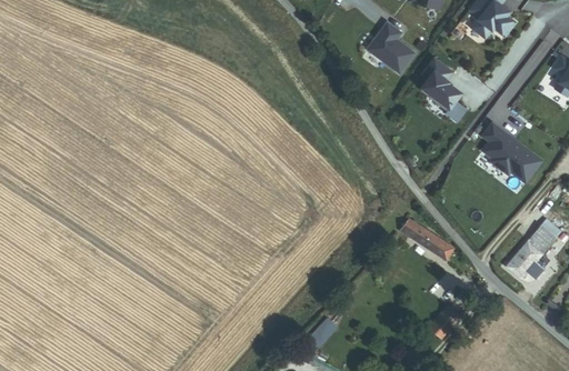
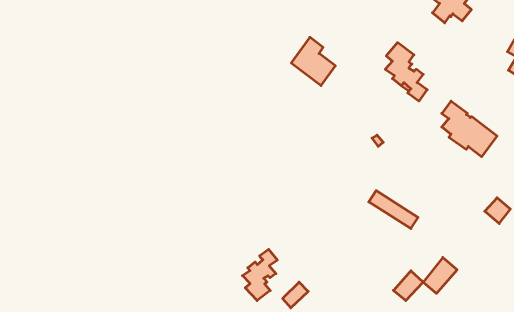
building: [367,21,415,73] -> [291,37,335,86]
building: [508,240,545,279] -> [423,257,457,293]
building: none -> [242,249,277,301]

